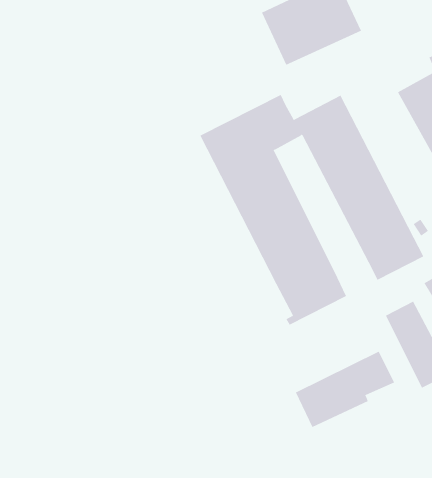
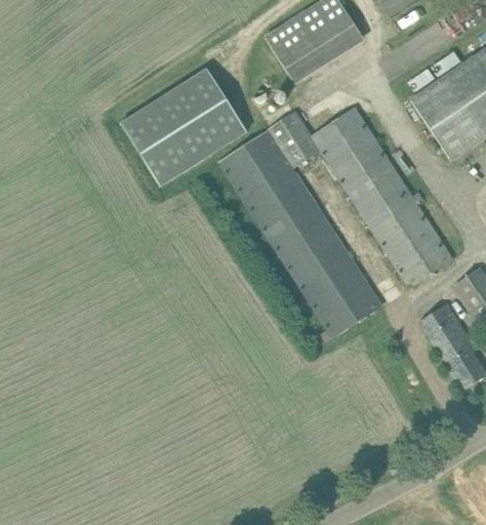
building: none -> [124,68,251,185]
building: [295,351,395,428] -> none

